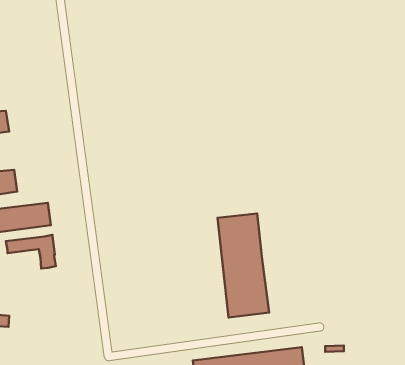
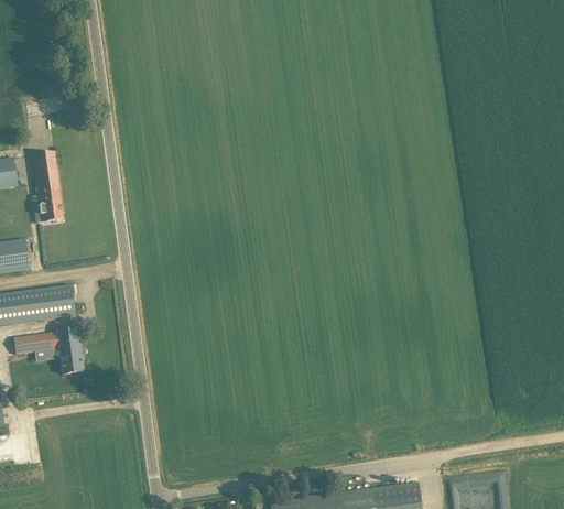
building: none -> [31,151,63,221]
building: [217,213,269,317] -> none

